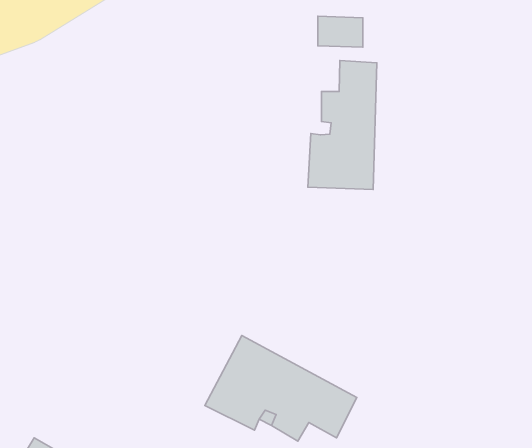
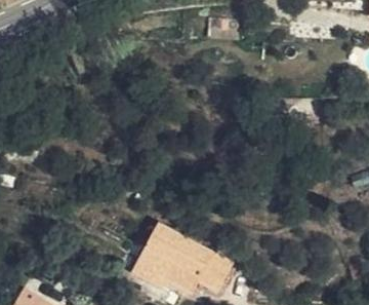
building: [308,60,377,190] -> none

